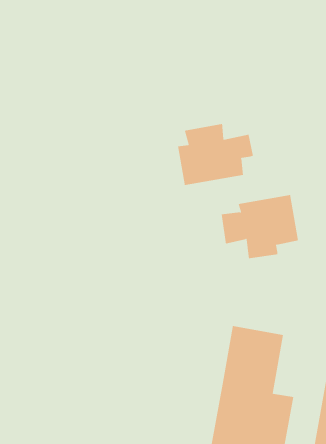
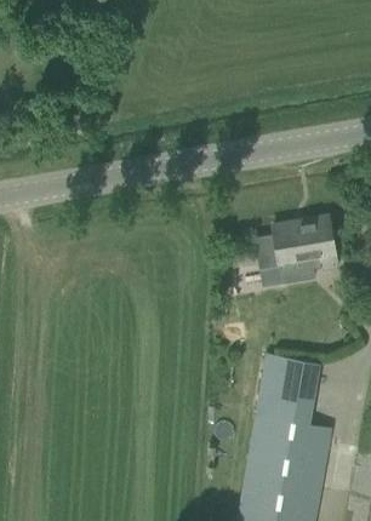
building: [177,123,253,186] -> none

